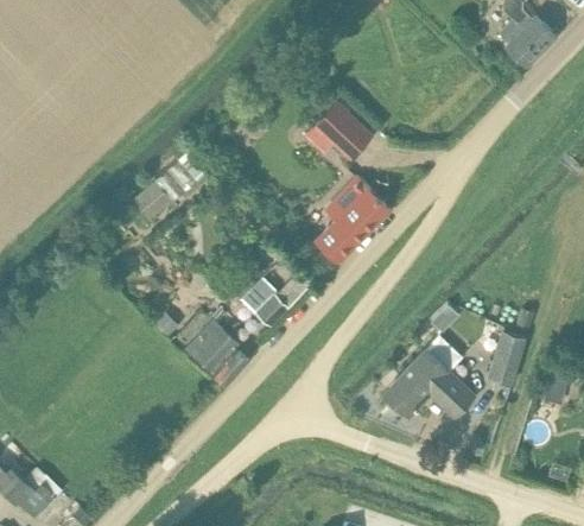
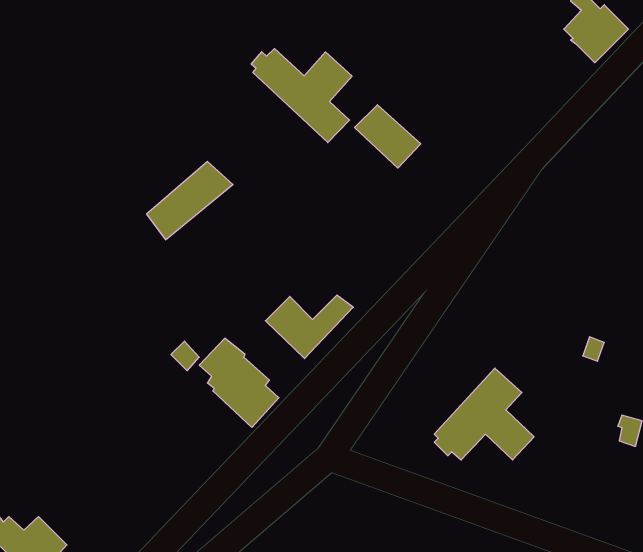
building: none -> [251,49,352,143]
building: [317,180,389,262] -> none
building: [487,331,526,386] -> none

